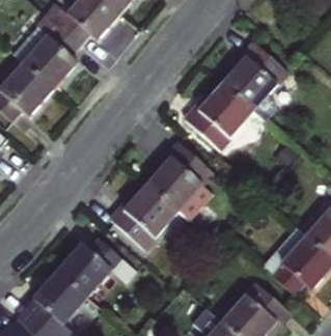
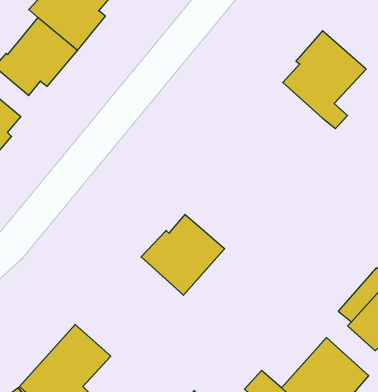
building: [187,85,255,152] -> none
building: [147,146,214,216] -> none
building: [61,242,137,300] -> none

